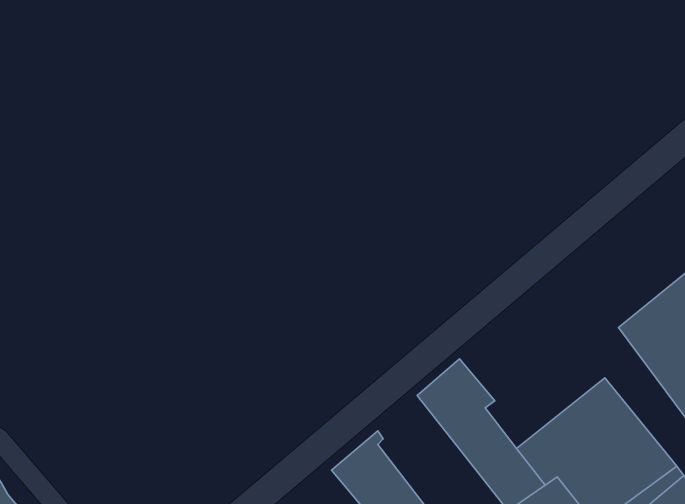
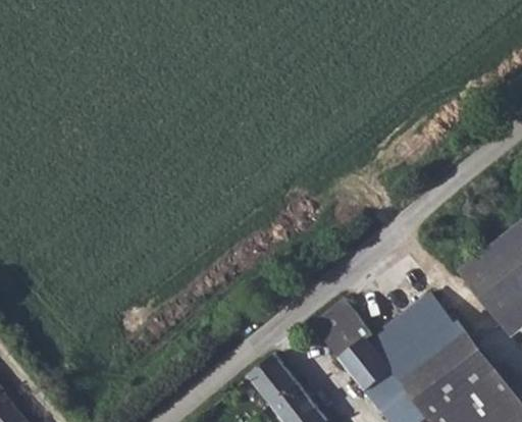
building: none -> [366,289,451,369]

